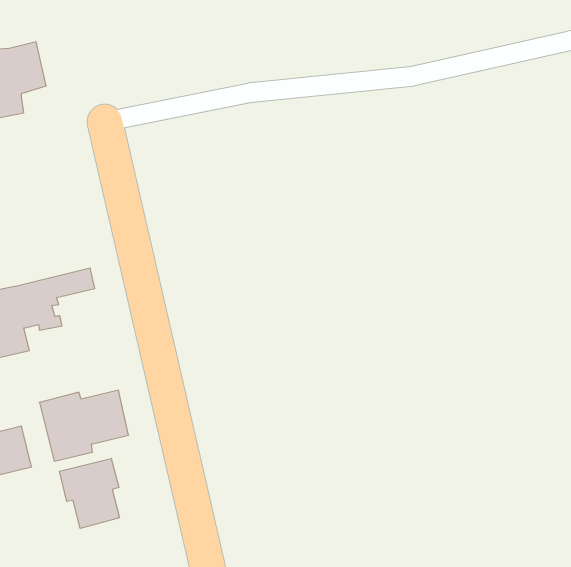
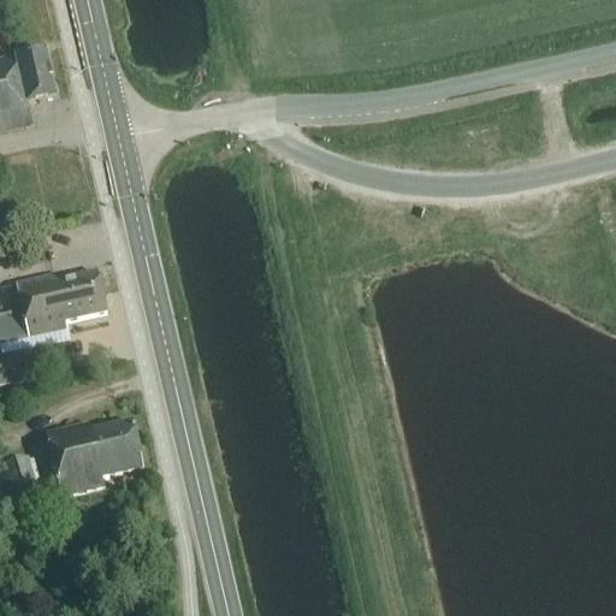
building: none -> [13,267,96,306]
building: [60,458,119,528] -> none

